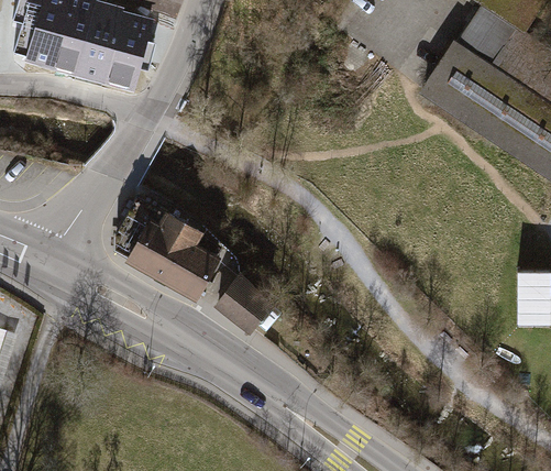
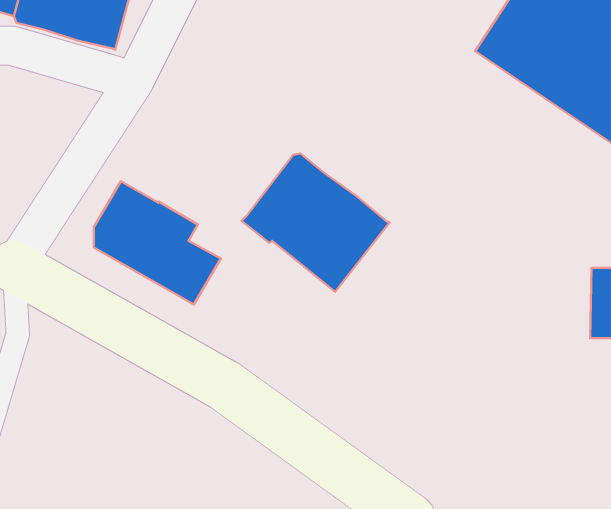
building: none -> [241,154,389,292]
building: [222,274,278,328] -> none

